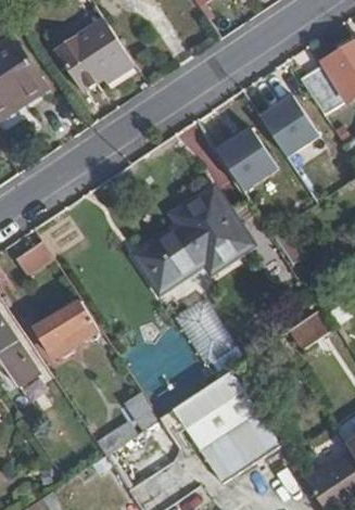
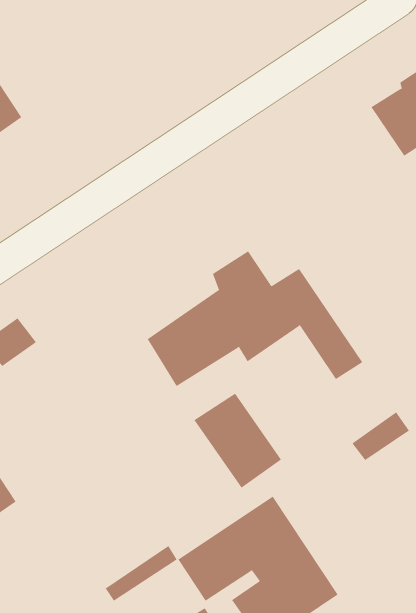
building: [54,16,131,92] -> none
building: [261,93,321,157] -> none
building: [214,127,278,191] -> none
building: [36,297,93,352] -> none

